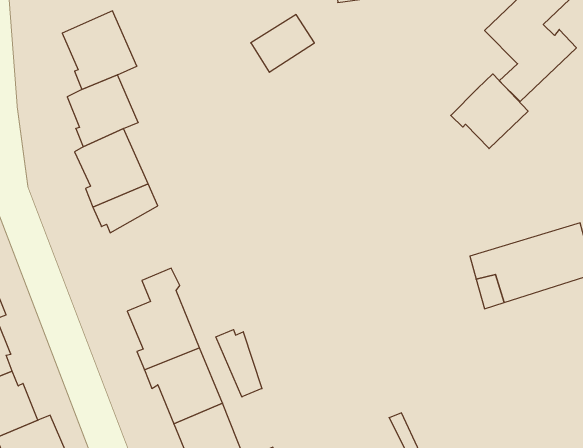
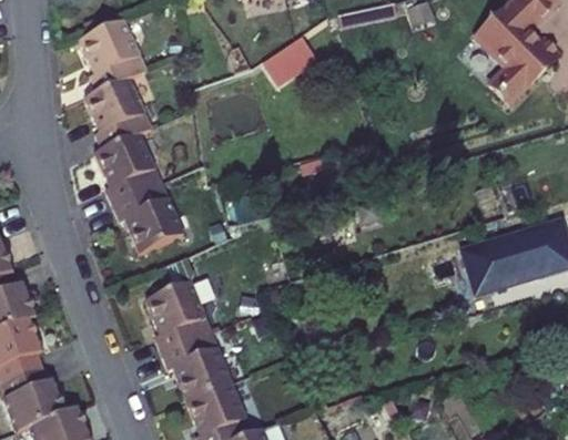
building: [451,74,528,149] -> none
building: none -> [129,205,186,256]
building: [216,330,262,397] -> none

